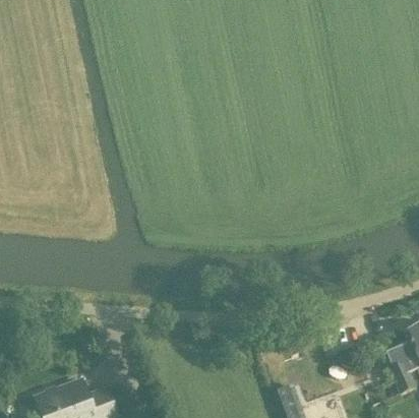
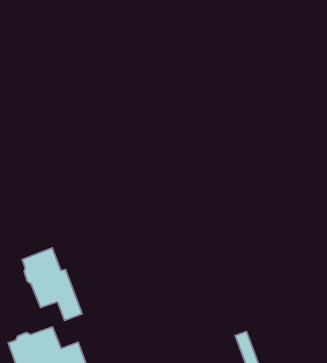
building: none -> [22,248,82,320]

